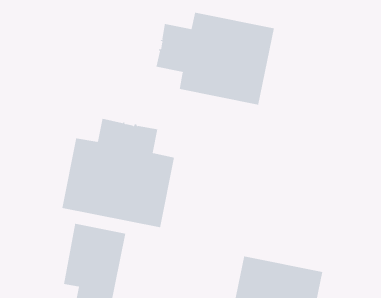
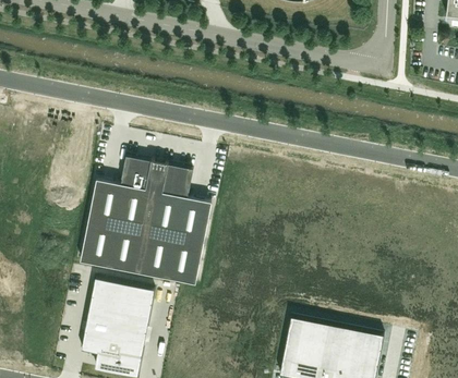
building: [156,12,274,106] -> none

